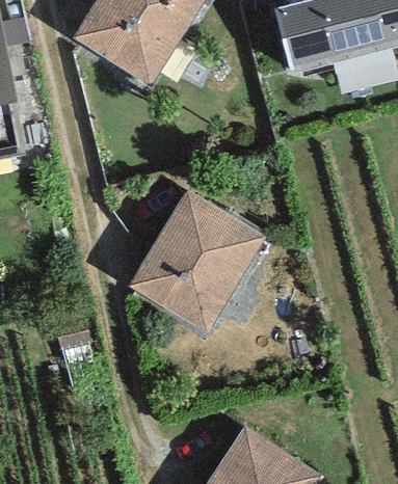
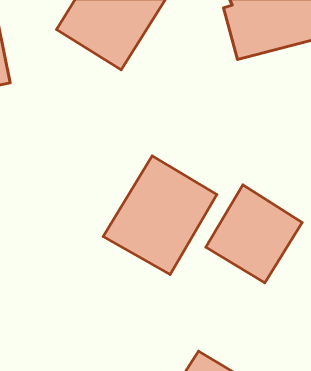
building: none -> [206,185,302,283]

